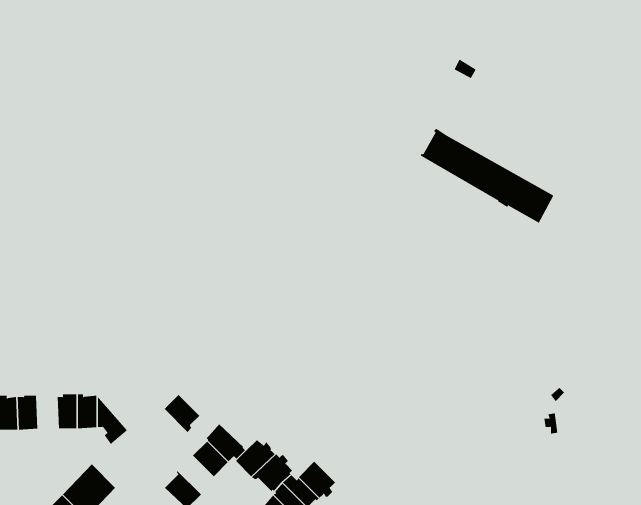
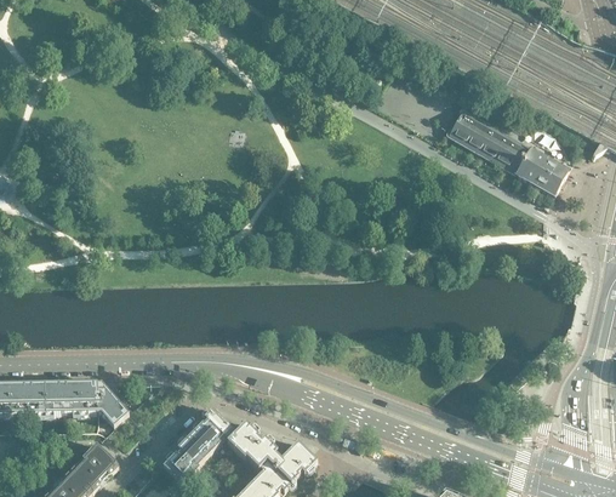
building: [420,128,554,223] -> [445,109,566,195]
building: [164,394,200,433] -> [172,438,205,473]
building: none -> [45,383,64,413]

